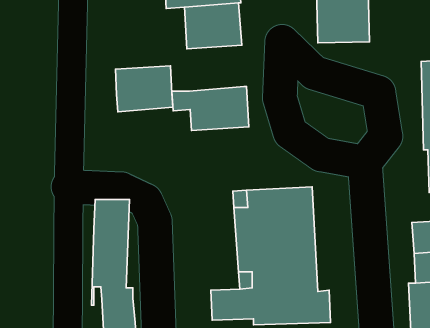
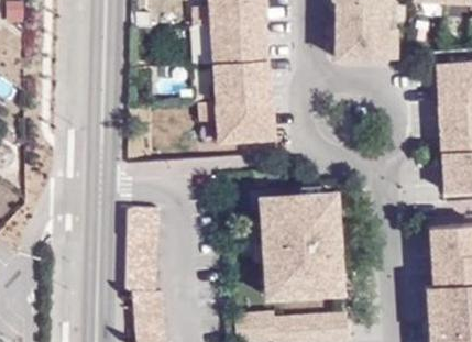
building: [115,66,173,112] -> [215,57,270,101]

